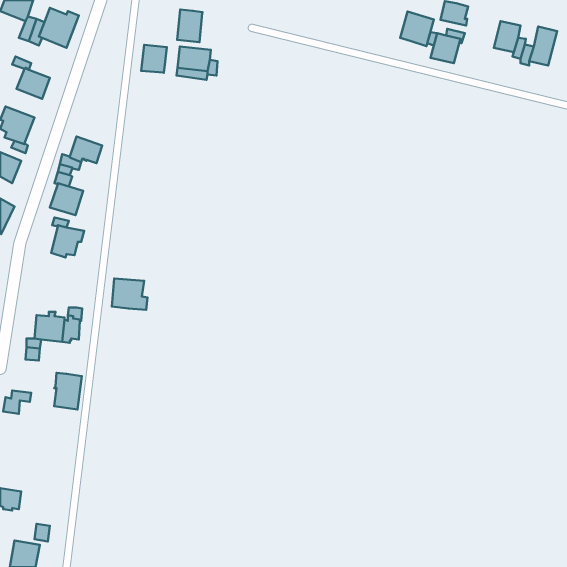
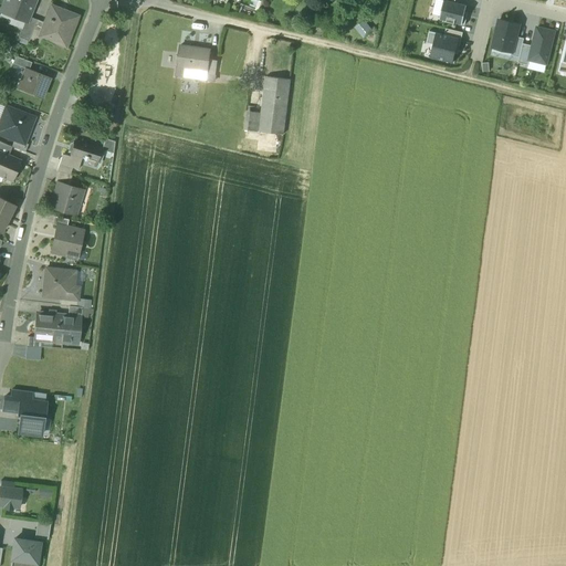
building: [177,10,202,42] -> none
building: [400,11,434,46] -> none
building: [141,45,167,73] -> none
building: none -> [259,76,290,135]
building: [112,279,147,310] -> [43,269,78,300]
building: [54,373,82,409] -> [18,399,45,436]

